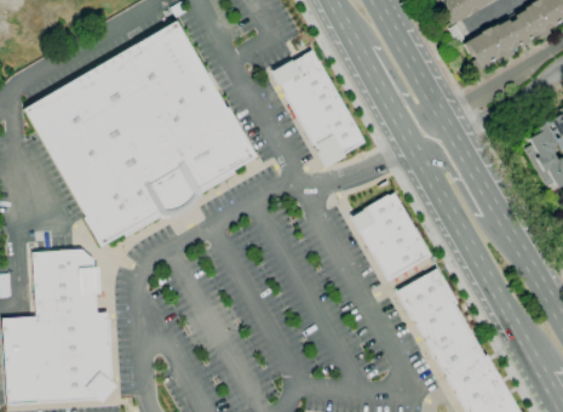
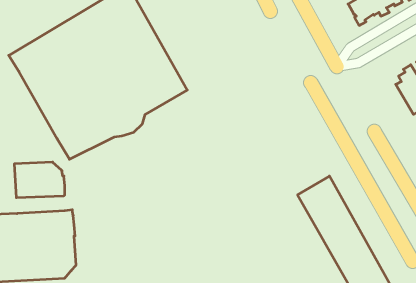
building: [277,52,366,164] -> none
building: [355,195,430,279] -> none
building: [34,293,97,316] -> none

